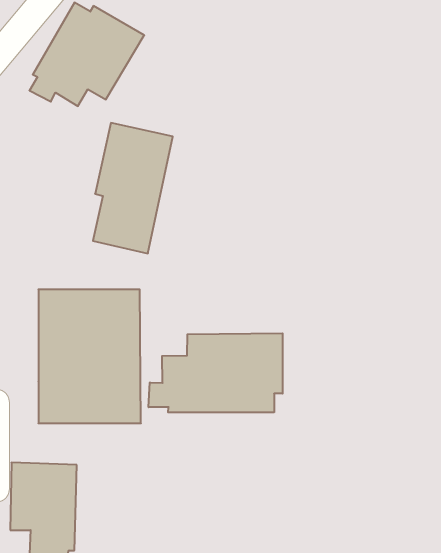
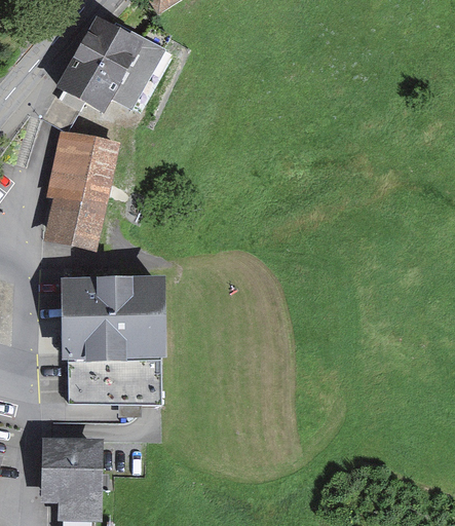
building: [93,123,173,253] -> [44,129,117,249]
building: [149,333,283,412] -> none

